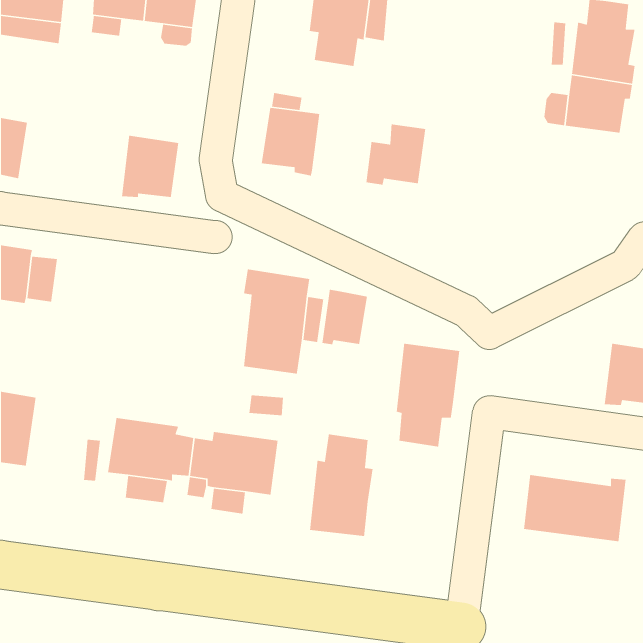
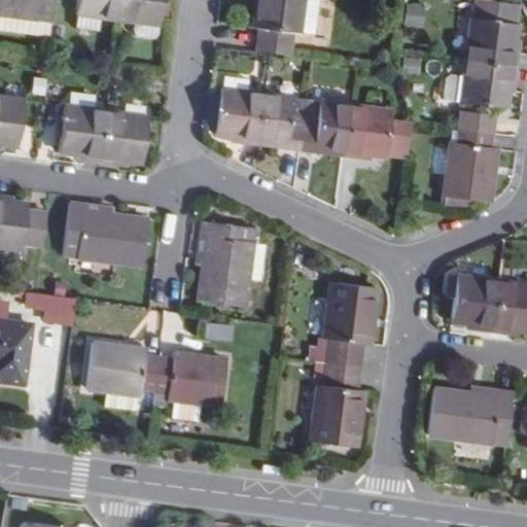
building: none -> [256,93,304,149]
building: none -> [58,105,106,161]
building: none -> [342,105,412,156]
building: none -> [446,112,497,209]
building: none -> [64,201,147,266]
building: [321,289,368,345] -> none
building: none -> [452,275,500,330]
building: none -> [22,291,73,323]
building: [309,433,373,537] -> [311,360,363,445]

